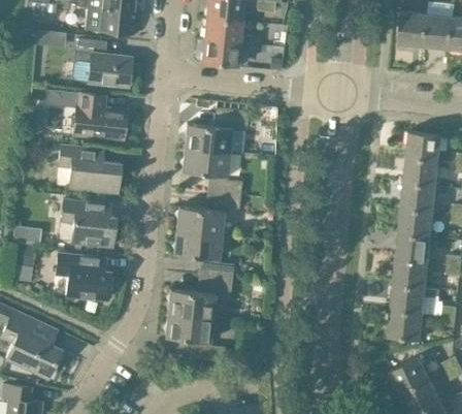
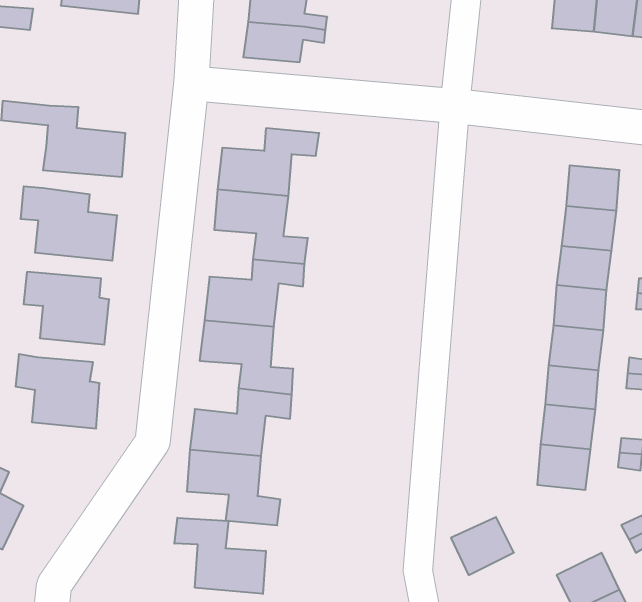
building: [73,40,132,87] -> none
building: [390,357,430,394] -> [451,517,514,575]
building: none -> [174,518,266,594]

